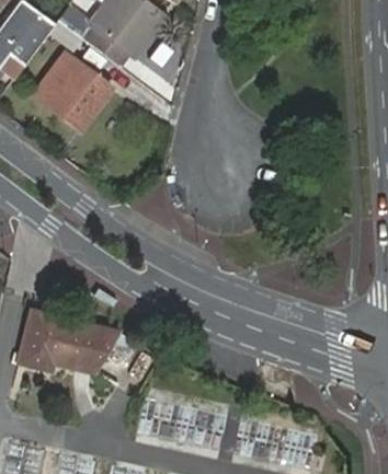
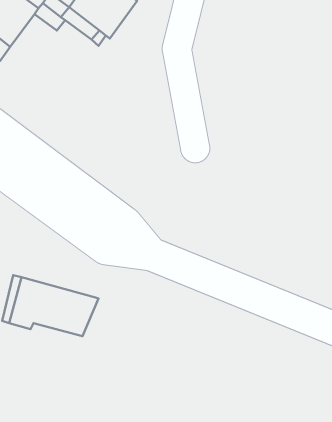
building: [36,53,112,128] -> none

